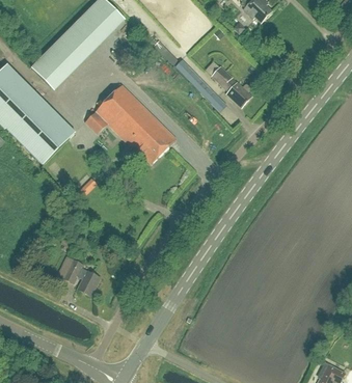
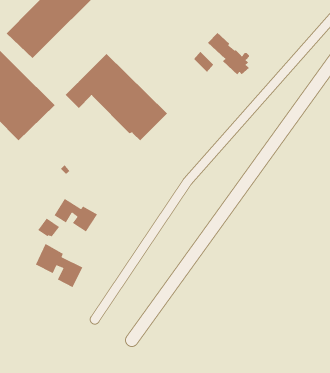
building: none -> [53,198,98,233]

